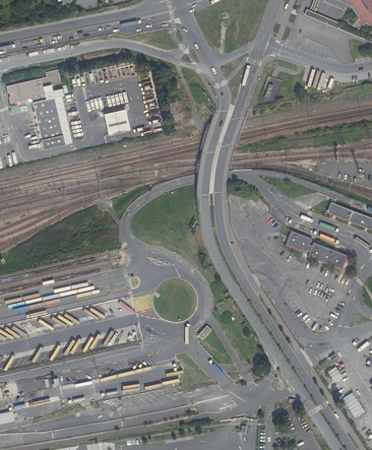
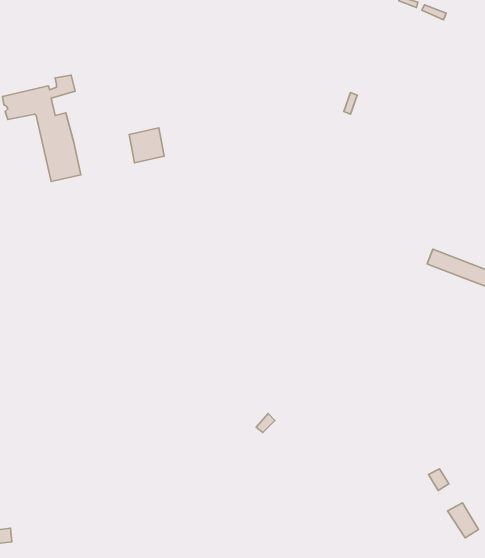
building: [285,229,348,269] -> none

